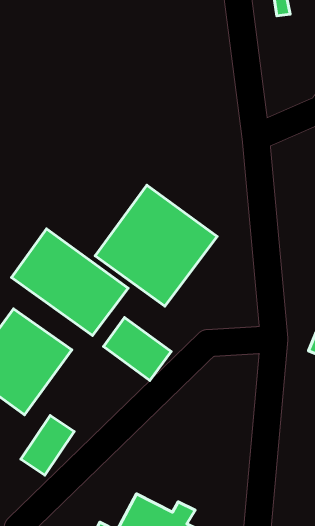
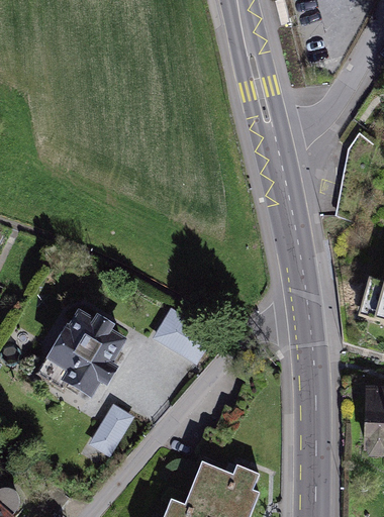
building: [95,185,217,306] -> none
building: [11,229,128,335] -> none

